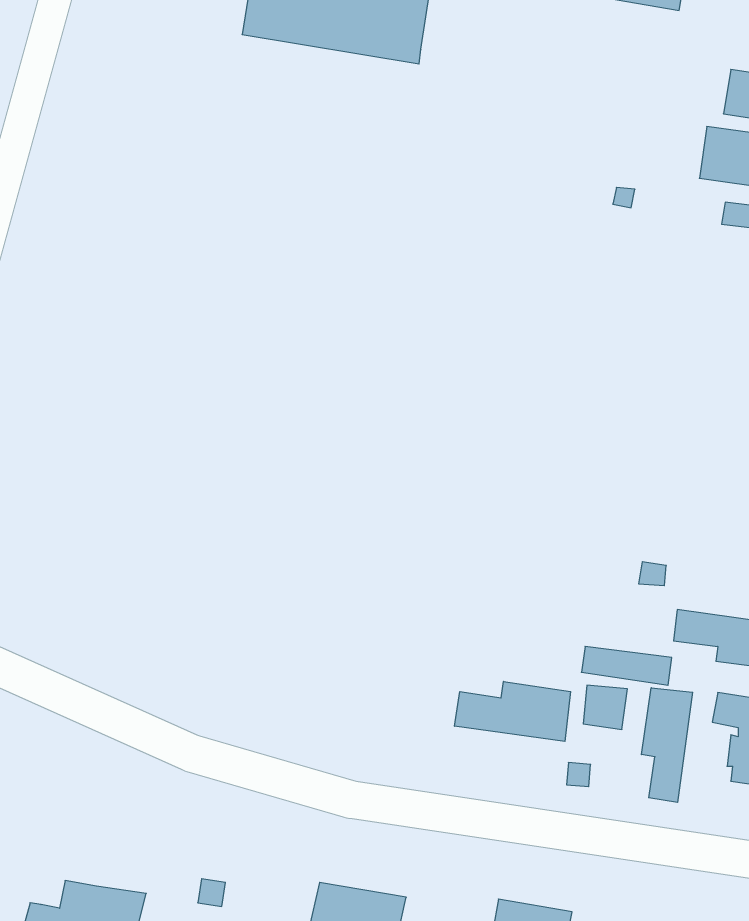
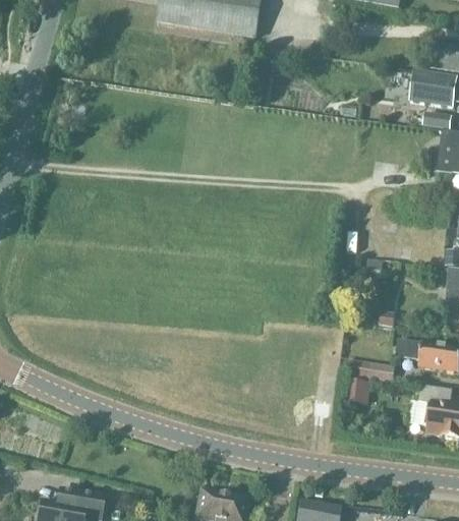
building: [455,681,571,741] -> none
building: [641,688,693,802] -> none

